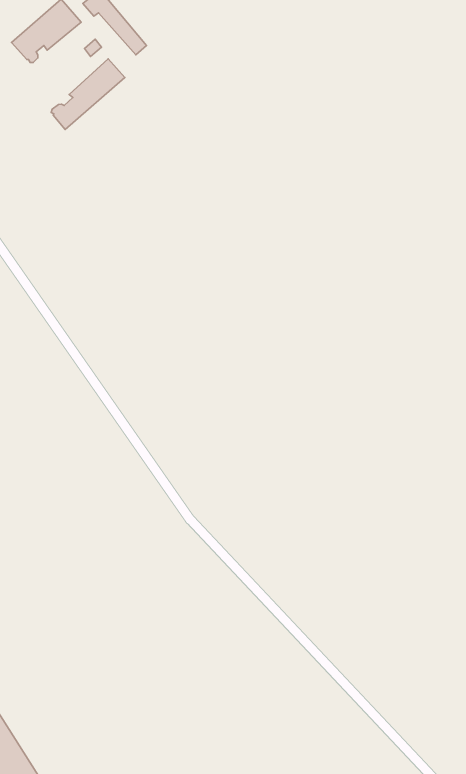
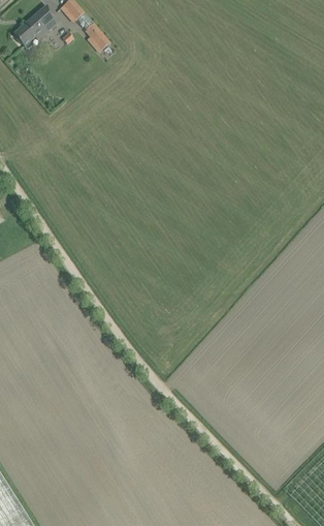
building: [51,59,125,130] -> none

